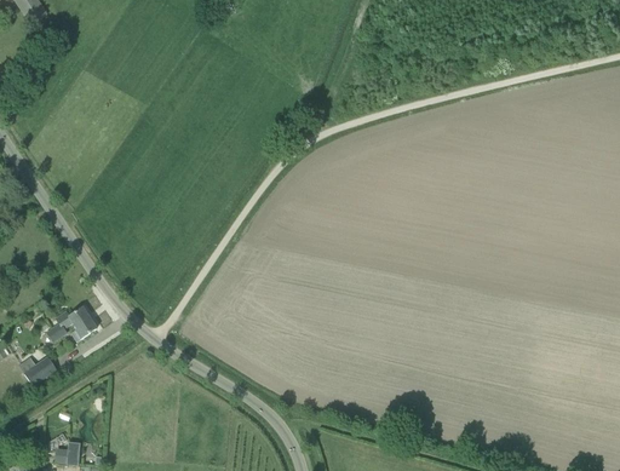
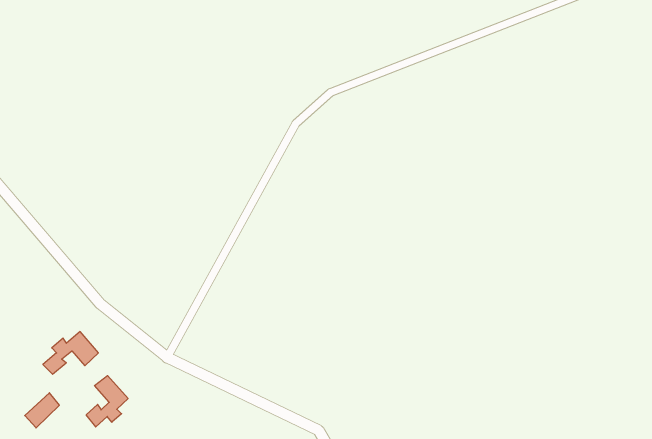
building: none -> [86,376,128,427]

